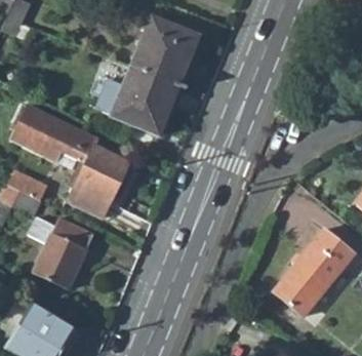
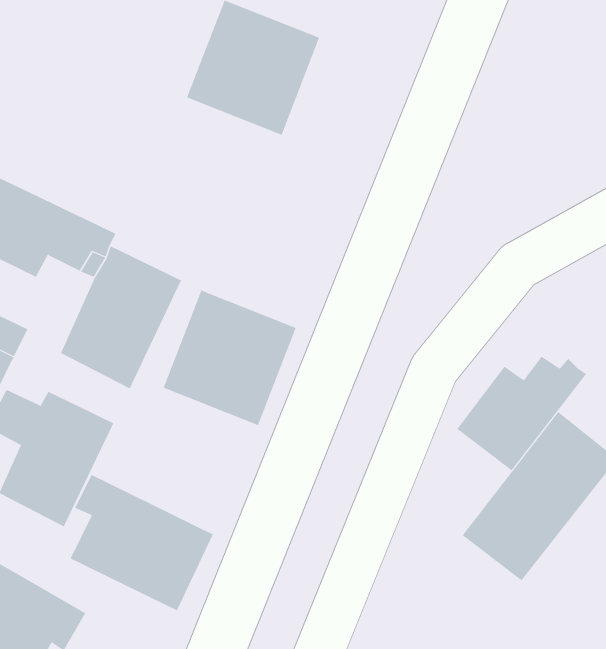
building: [112,67,180,136] -> [163,290,297,426]
building: none -> [456,356,587,471]
building: none -> [70,474,214,611]

